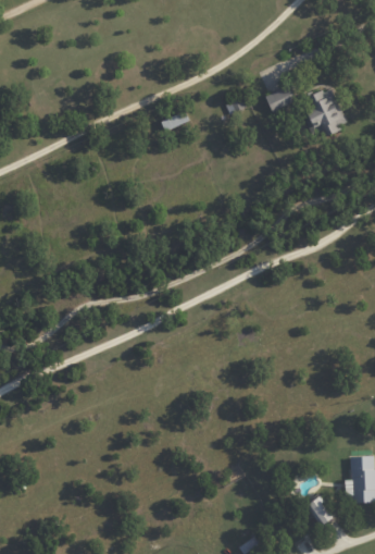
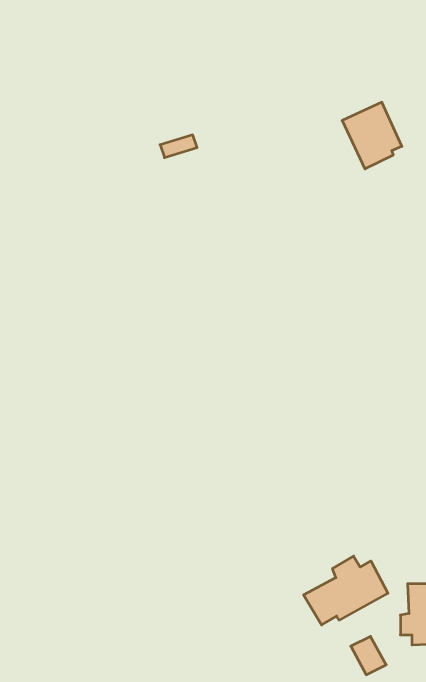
building: [265,86,296,112] -> none
building: none -> [304,556,388,625]

